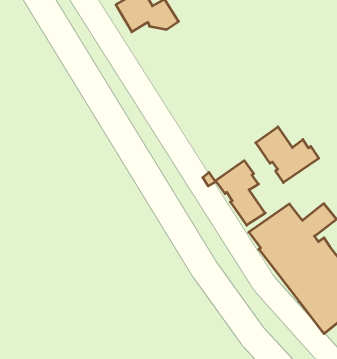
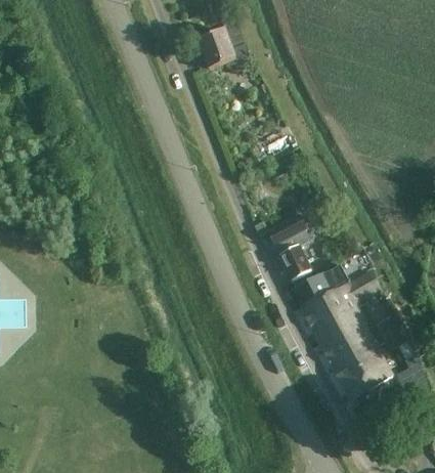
building: [256,127,319,183] -> none

